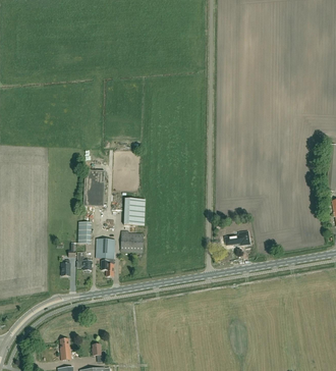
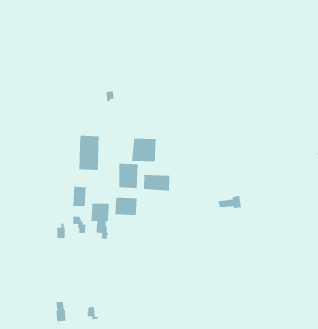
building: none -> [131,138,156,162]
building: none -> [143,174,170,191]

